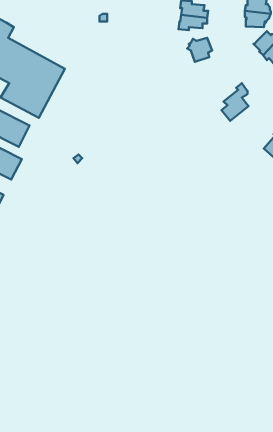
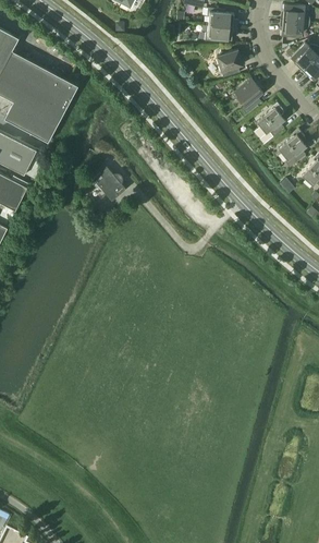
building: none -> [234,80,262,116]
building: none -> [278,130,306,169]
building: none -> [93,167,125,202]

